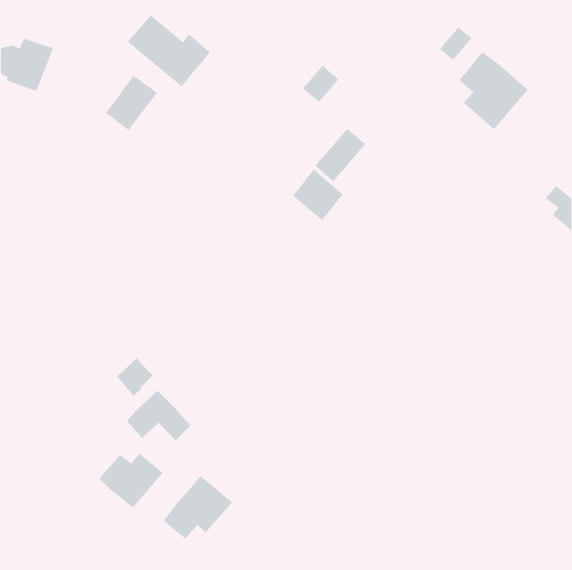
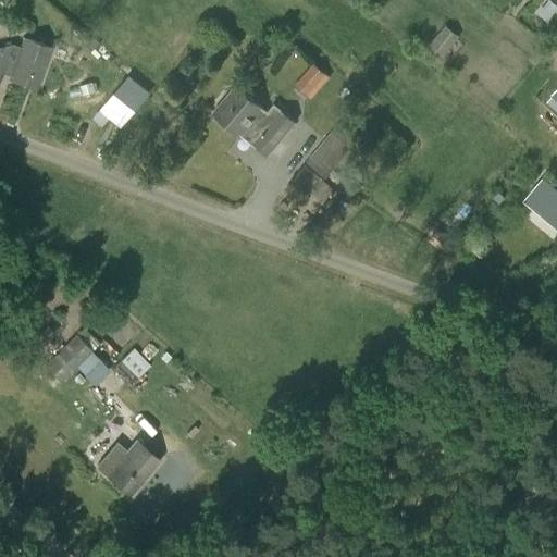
building: [127,15,211,87] -> [213,87,295,158]
building: [459,51,528,130] -> none
building: [126,390,191,441] -> [45,335,108,385]
building: [163,475,233,539] -> none

